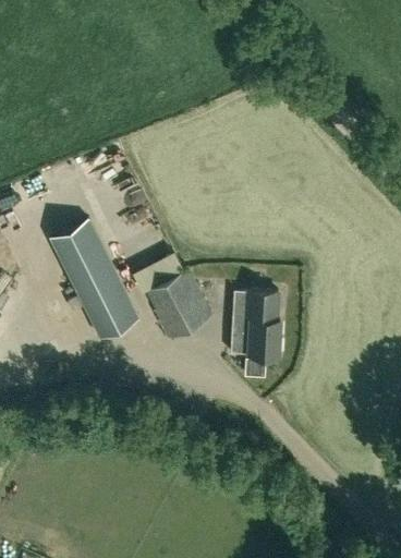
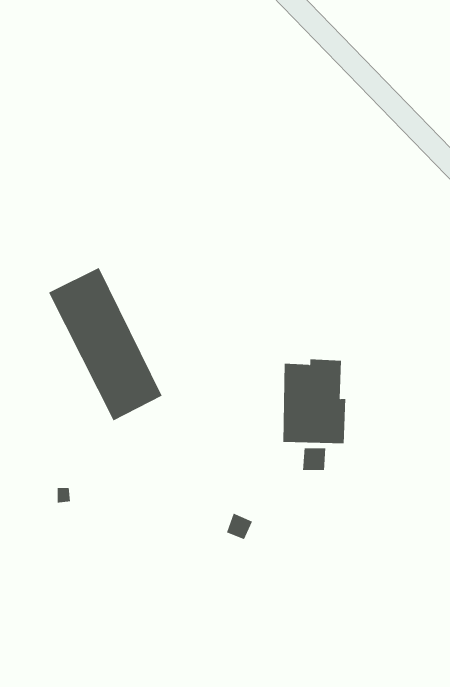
building: [147,272,214,341] -> none

